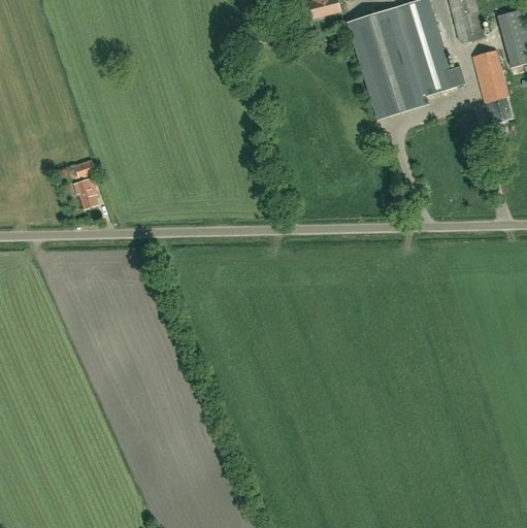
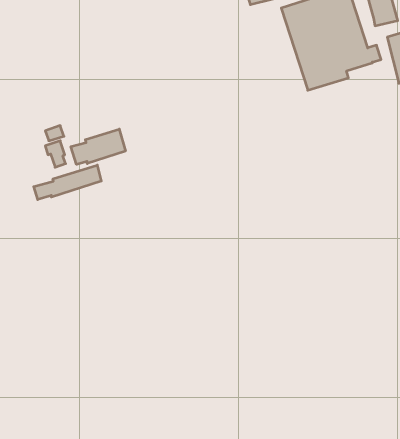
building: none -> [71,129,125,164]
building: none -> [34,165,101,200]

